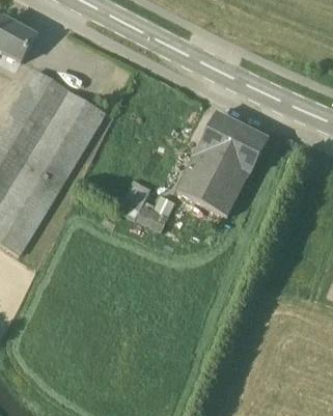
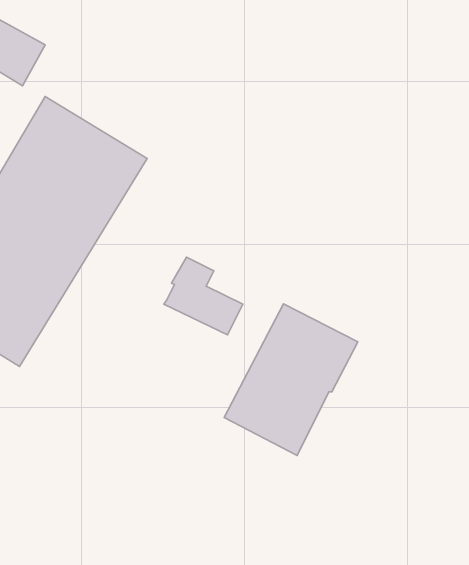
building: [177,113,269,217] -> [224,304,358,456]

